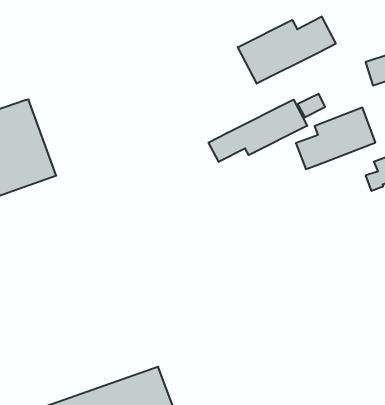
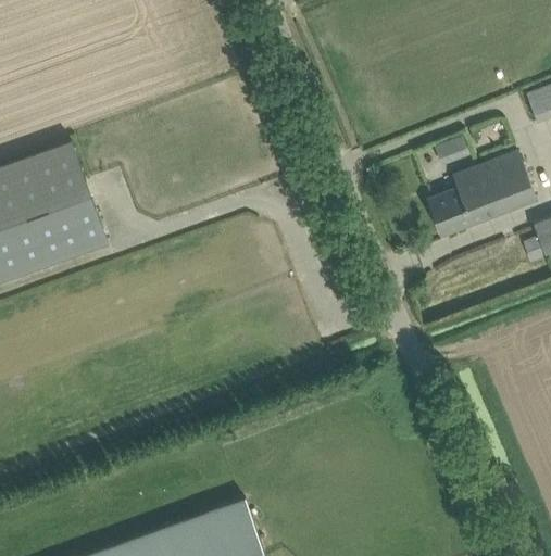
building: [238,16,336,84] -> none
building: [209,100,307,162] -> none

